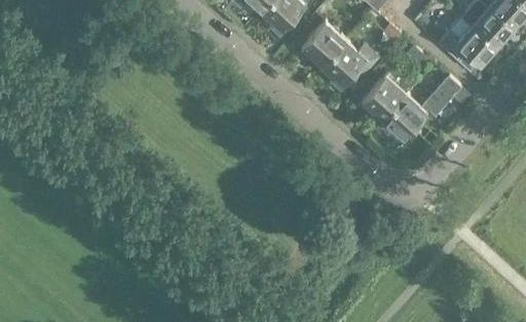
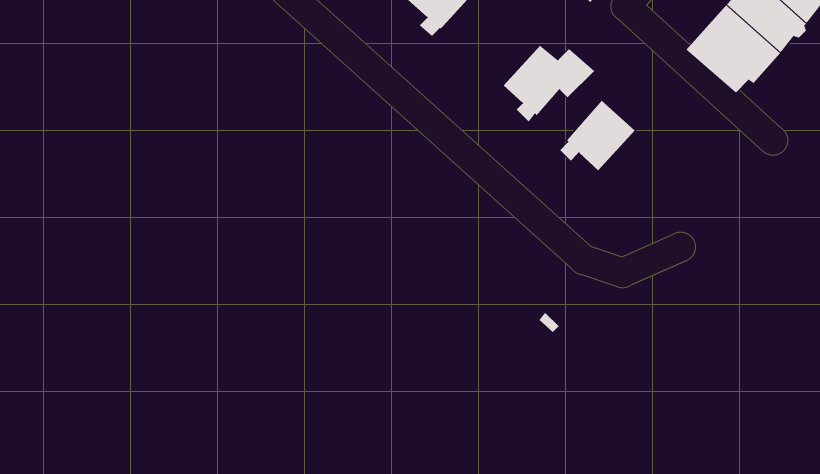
building: [297,22,345,67] -> none
building: [382,78,460,144] -> none

